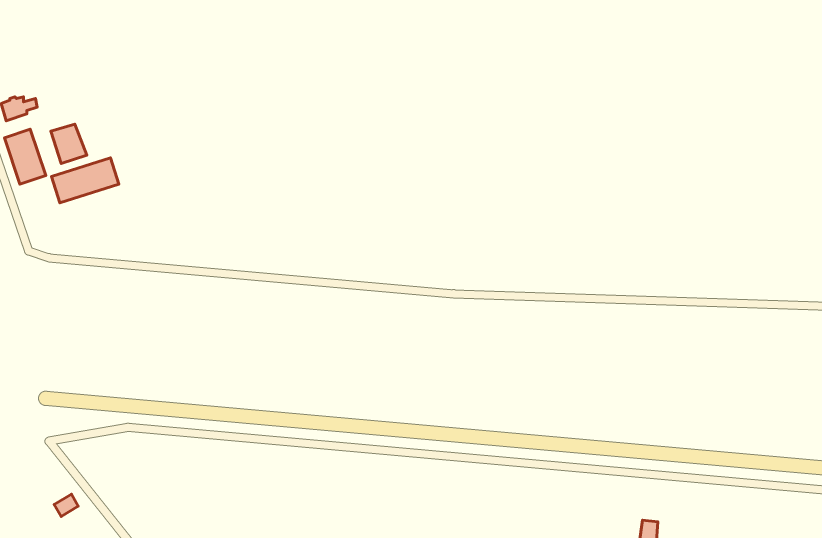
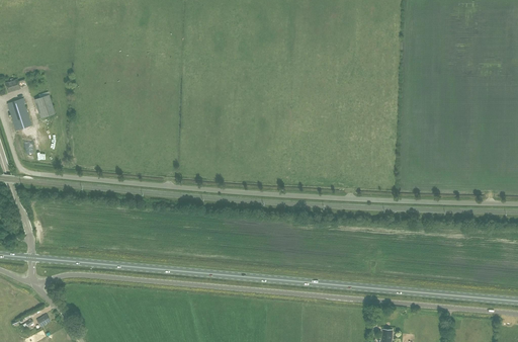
building: [52,158,119,203] -> none

